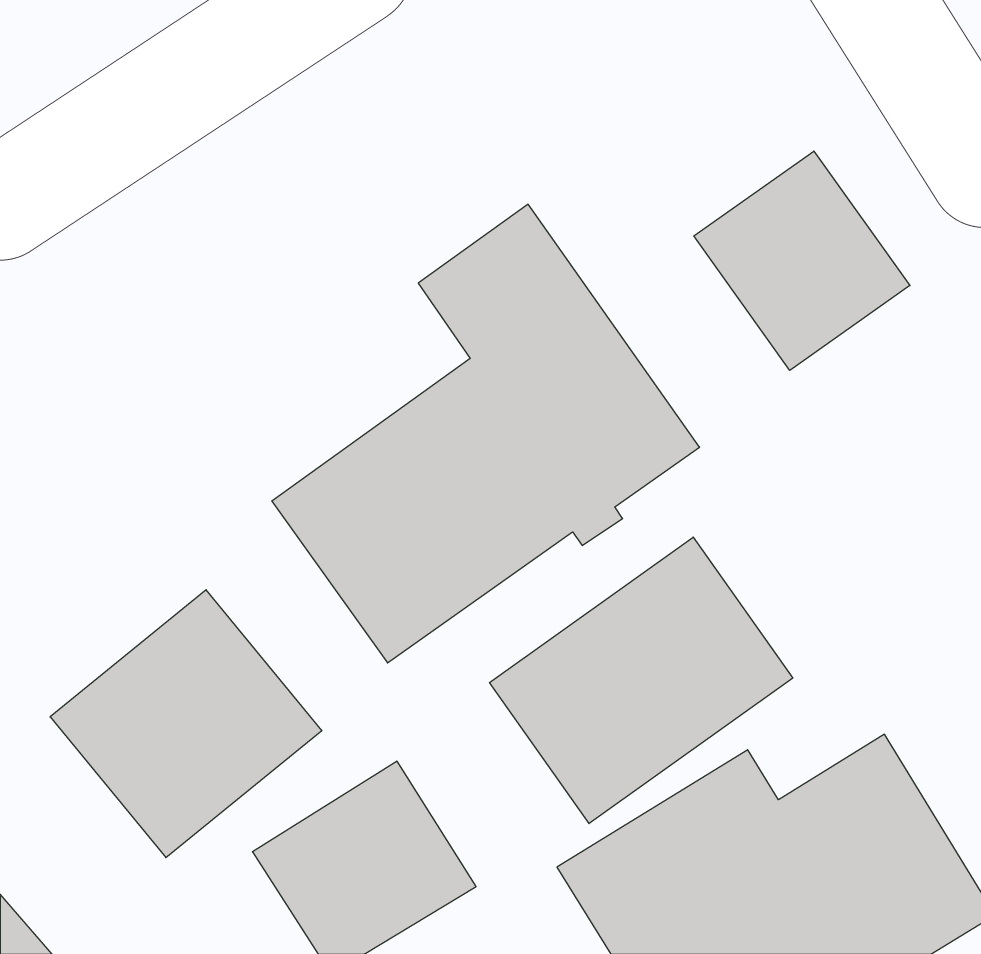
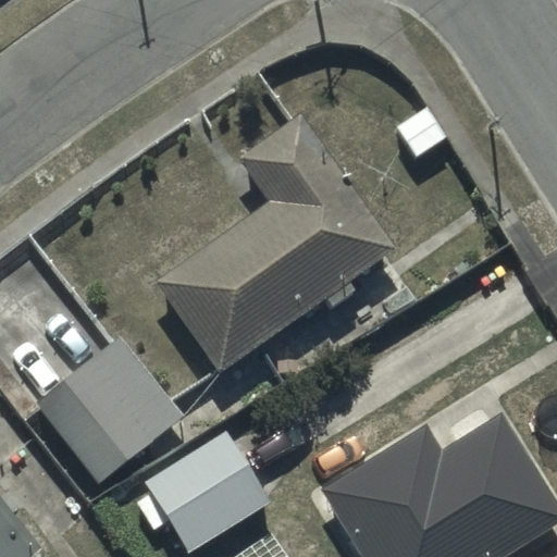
building: [694,151,910,370] -> none
building: [490,537,793,824] -> none

